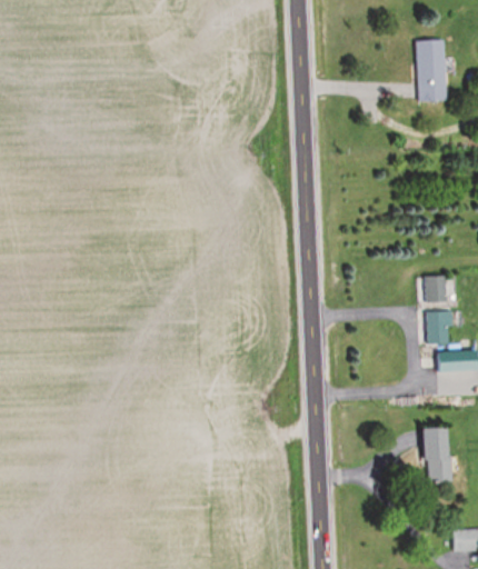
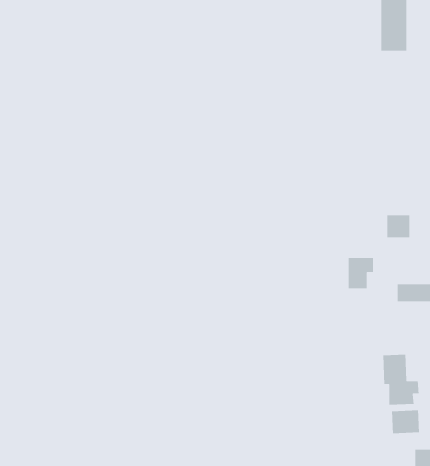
building: [428,311,456,346] -> [348,257,374,289]
building: none -> [391,410,420,434]

